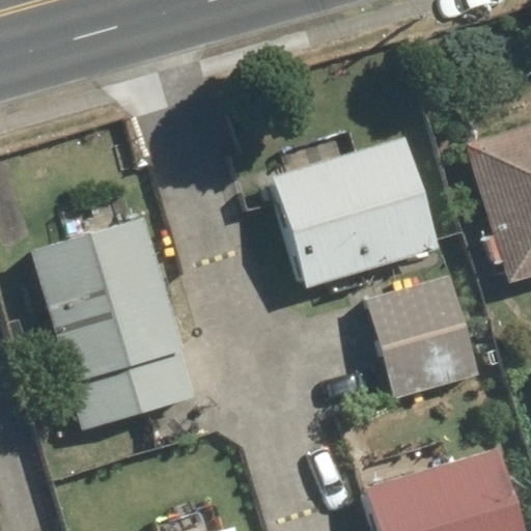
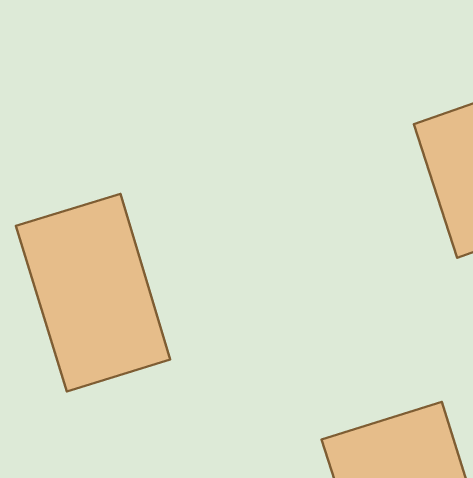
building: [277,144,440,285] -> none
building: [364,271,482,403] -> none

